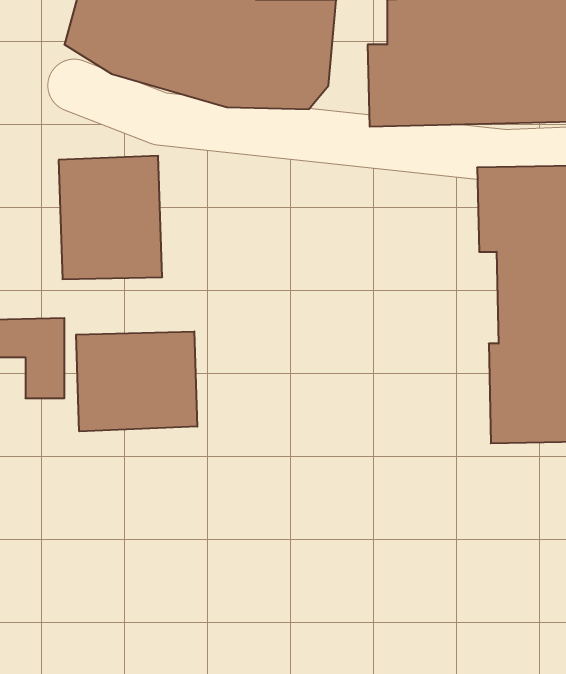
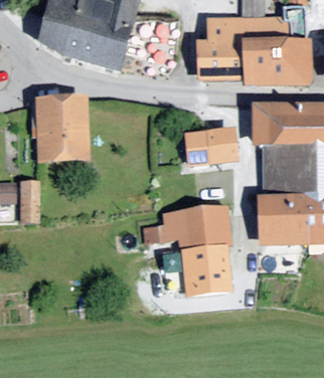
building: none -> [189,127,238,167]
building: [76,331,197,431] -> none
building: none -> [142,205,233,297]

